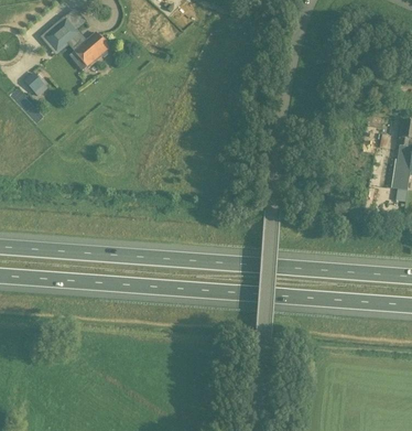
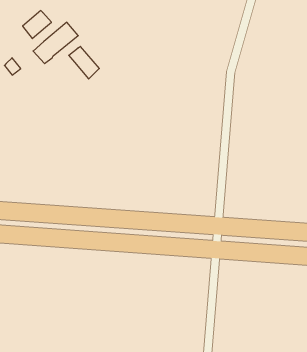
building: none -> [69,46,99,79]

